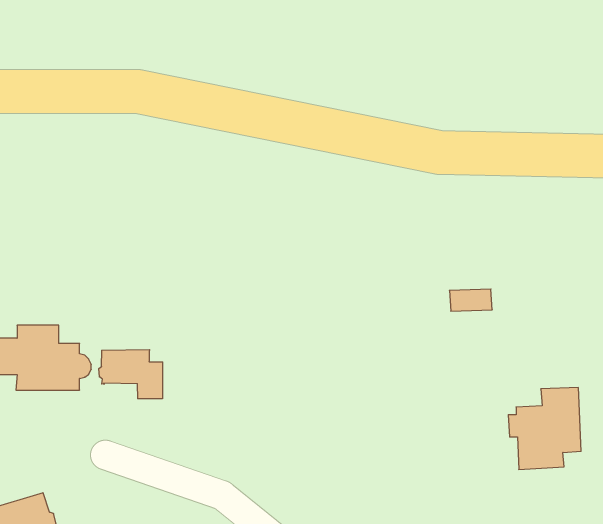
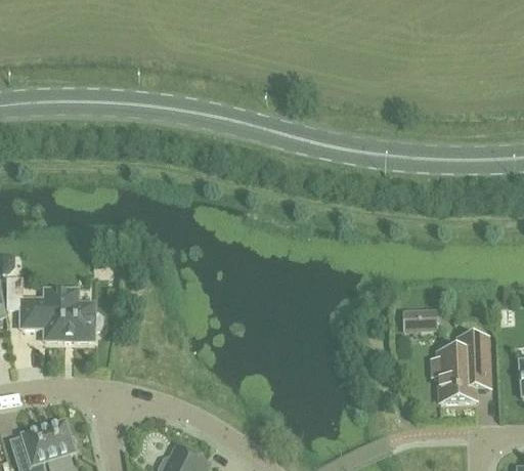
building: [449,289,492,311] -> [402,311,436,329]
building: [99,350,163,399] -> none

